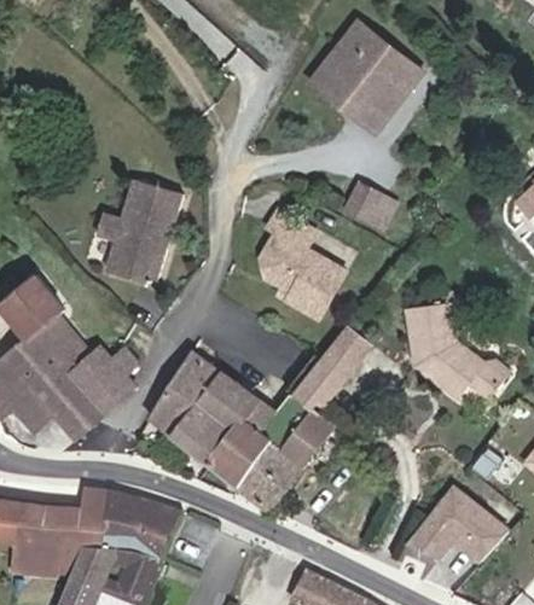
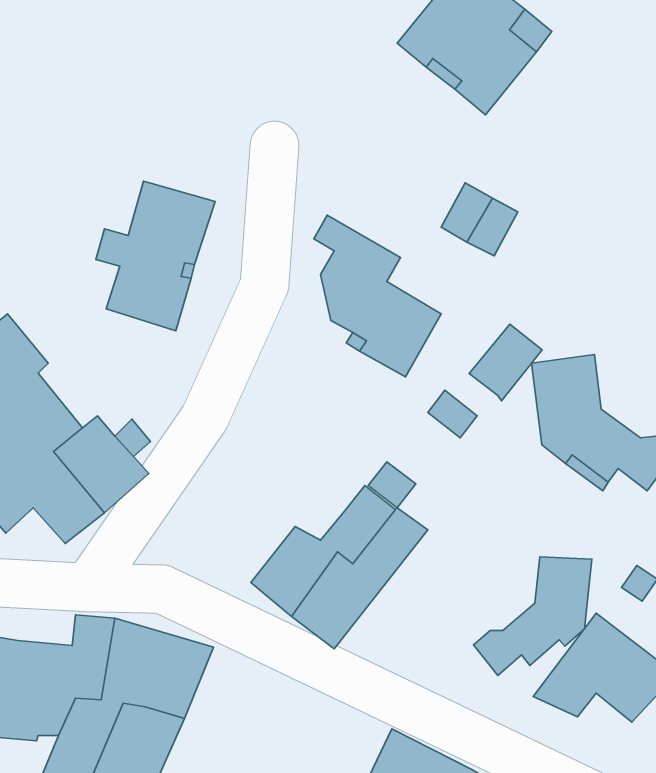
building: [304,344,356,399] -> [469,324,542,401]
building: [149,353,274,465] -> none
building: none -> [473,557,592,676]

